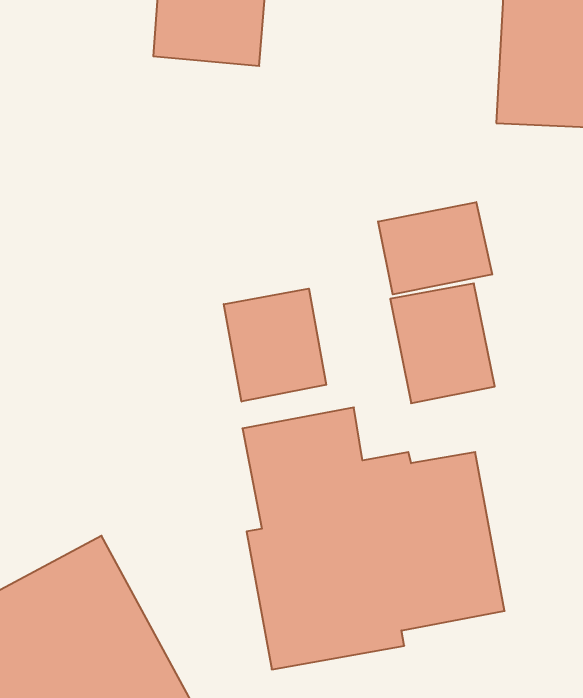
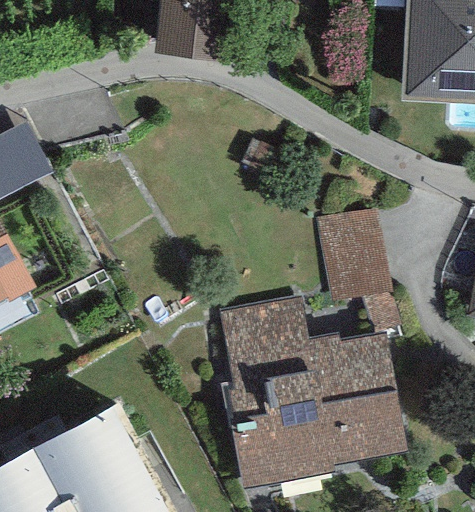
building: [378,202,492,294] -> none
building: [224,289,326,402] -> none

